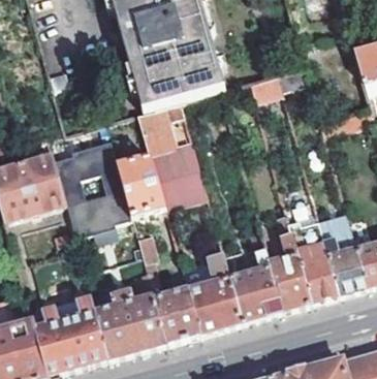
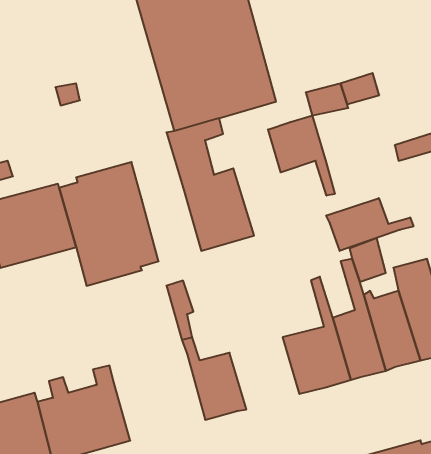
building: none -> [268,116,335,196]
building: [118,155,165,214] -> none
building: none -> [326,198,413,251]
building: [188,249,244,333] -> none
building: [95,288,168,357] -> none

